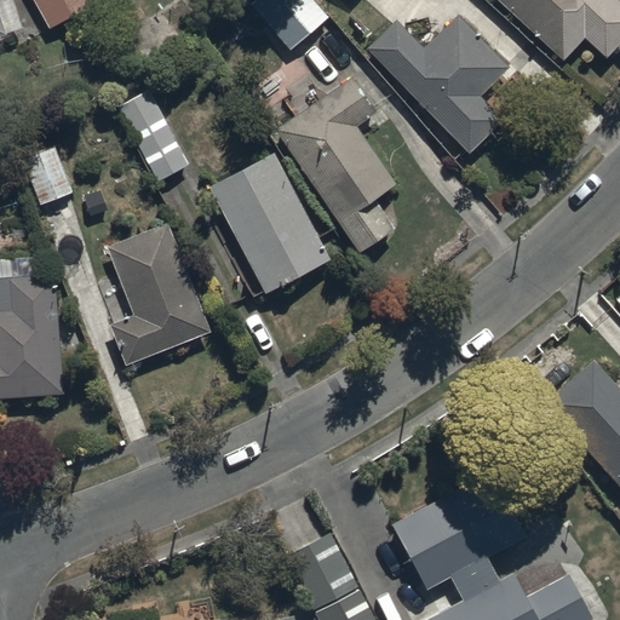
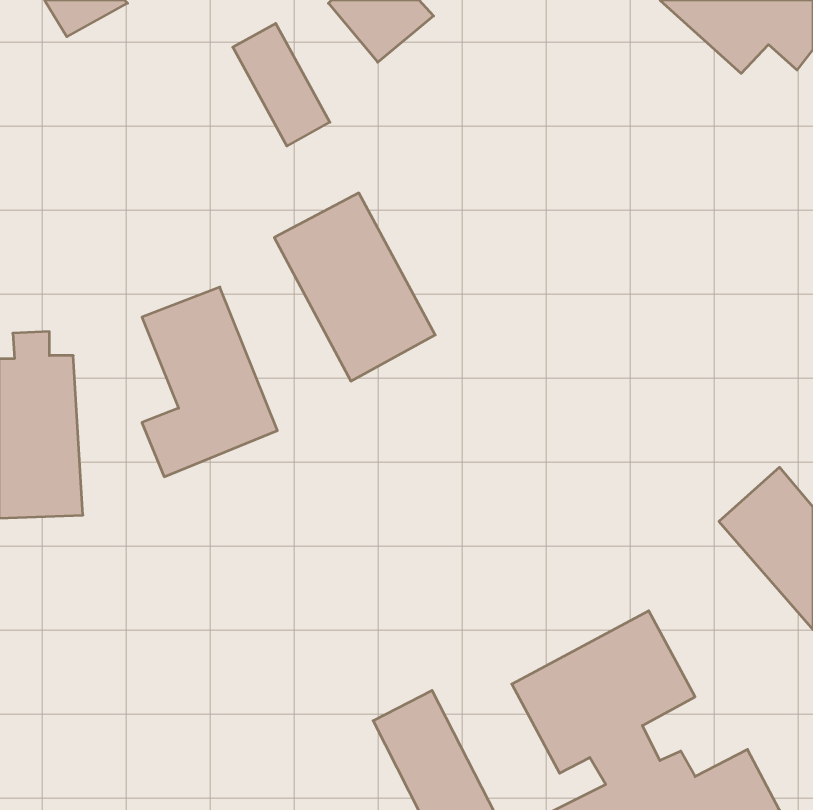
building: [364,13,509,153] -> none
building: [272,74,418,253] -> none
building: [115,90,189,183] -> [233,23,330,146]
building: [17,144,73,207] -> none

